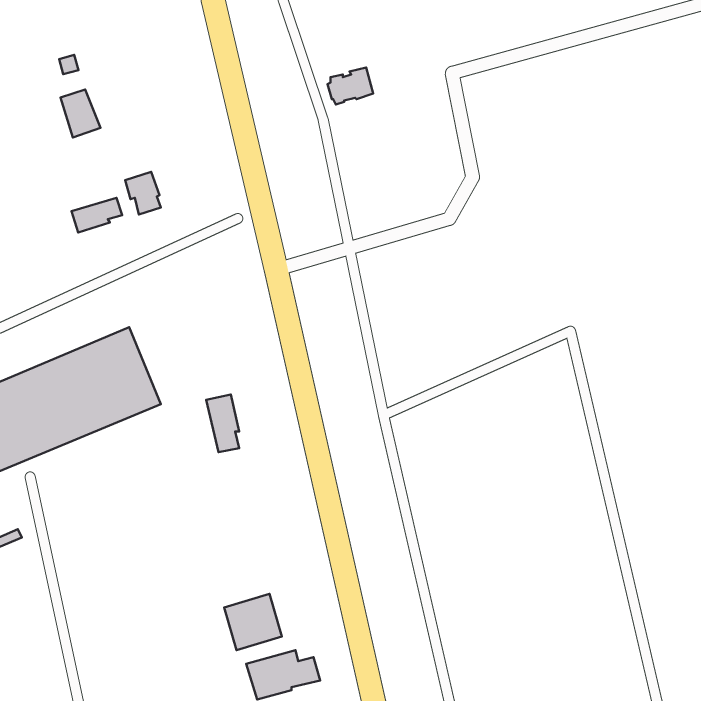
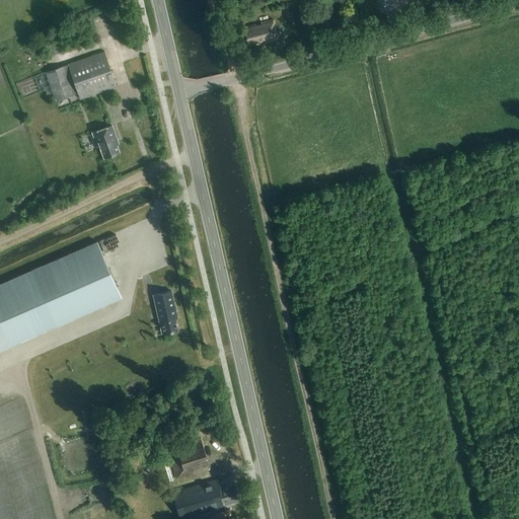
building: [328,68,373,105] -> [243,20,277,48]
building: none -> [67,53,116,100]
building: [71,198,122,232] -> none

